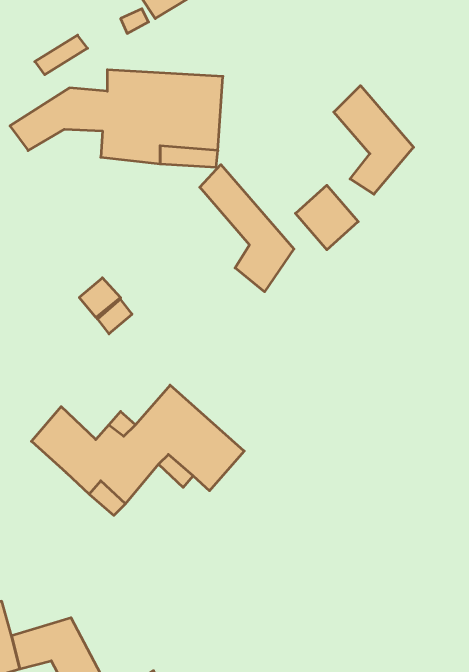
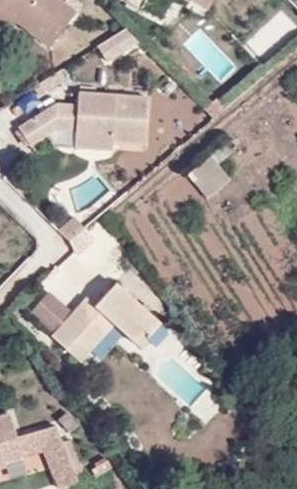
building: [334,86,414,194] -> none
building: [200,165,294,292] -> none

